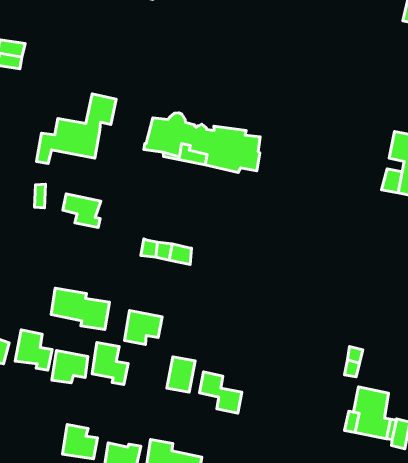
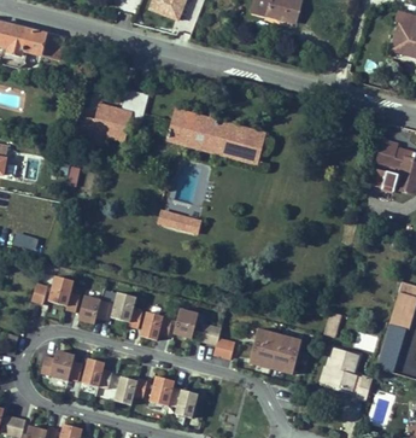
building: [63,194,101,228] -> none
building: [51,288,110,330] -> none
building: [125,311,162,345] -> [137,313,170,341]
building: none -> [245,329,298,375]
building: none -> [39,351,80,381]

